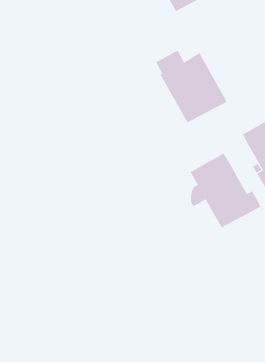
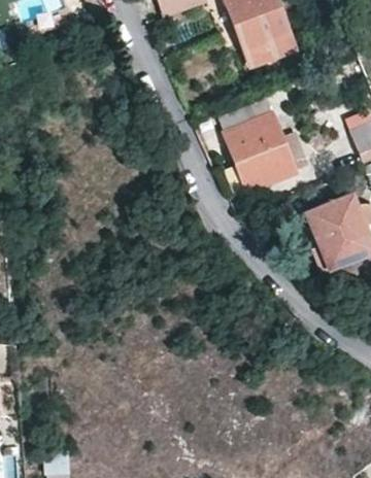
building: [190,153,261,228] -> none

